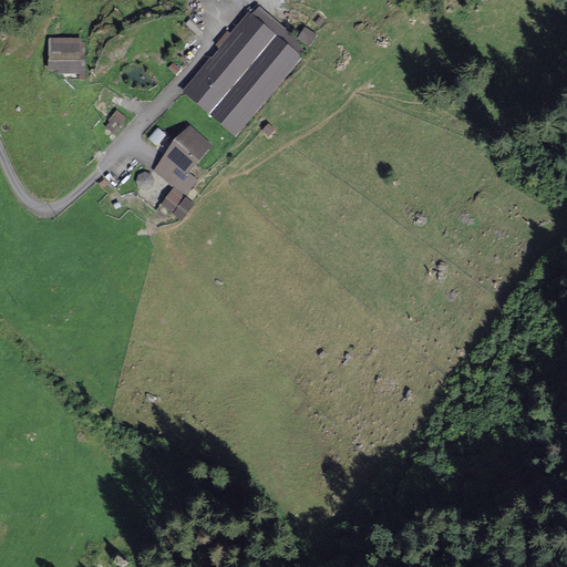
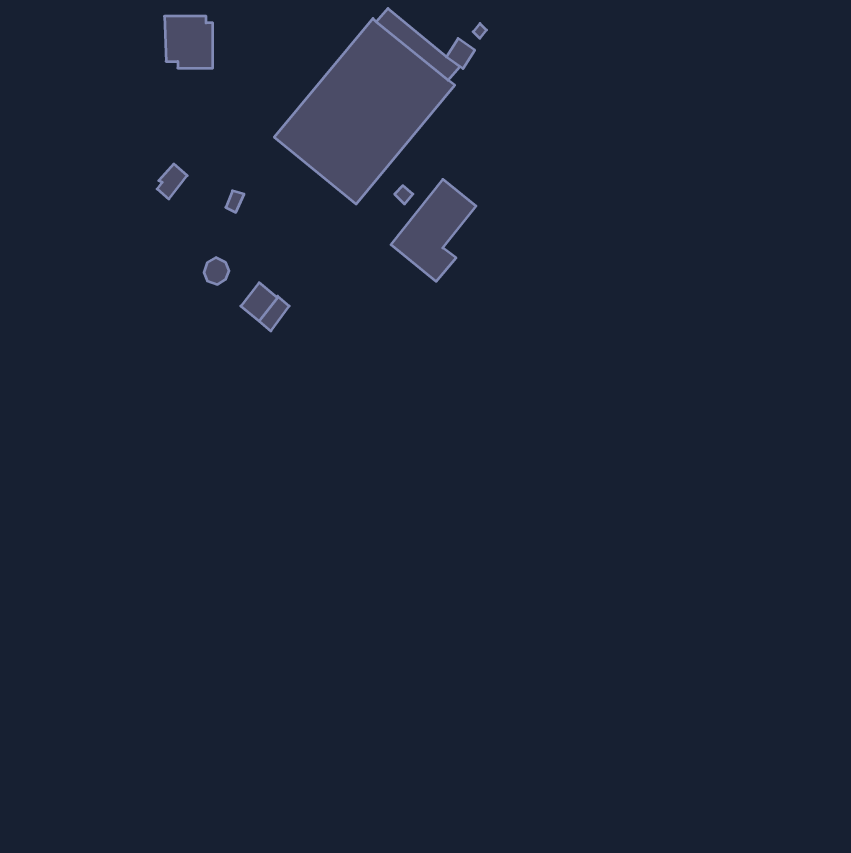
building: [49,38,81,72] -> [164,16,213,68]
building: [153,126,209,194] -> [391,179,476,281]

